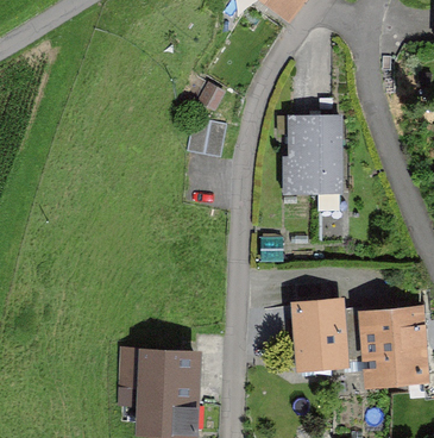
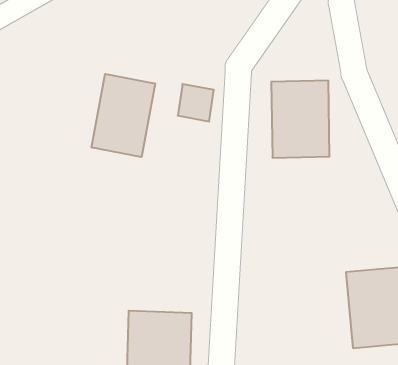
building: none -> [92,74,155,157]
building: [290,298,348,369] -> none

